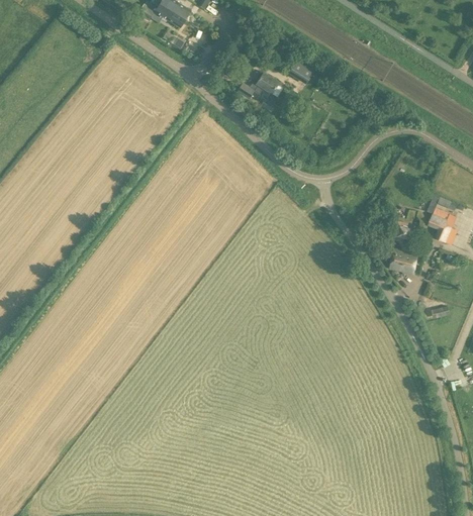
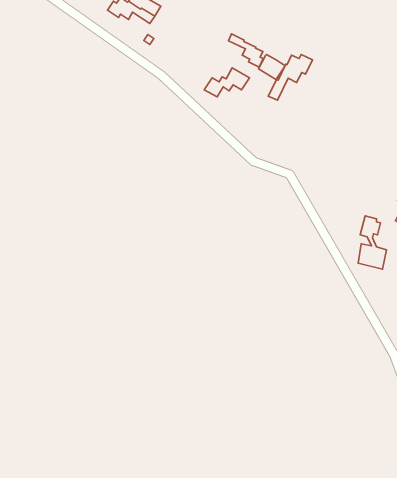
building: none -> [229,34,263,67]
building: none -> [268,55,313,100]

